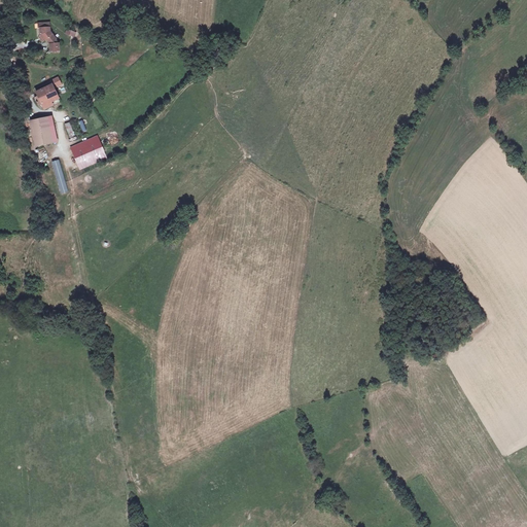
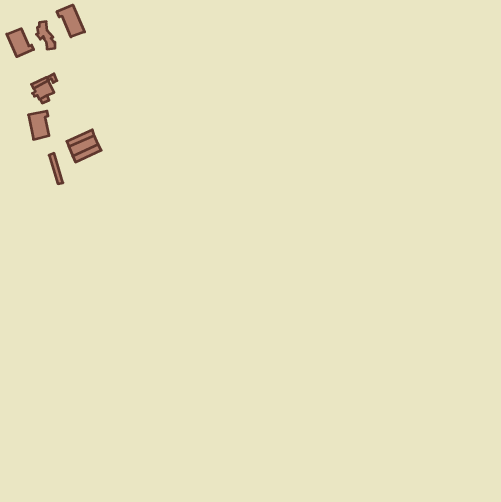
building: none -> [57,5,85,37]
building: none -> [7,29,34,57]

